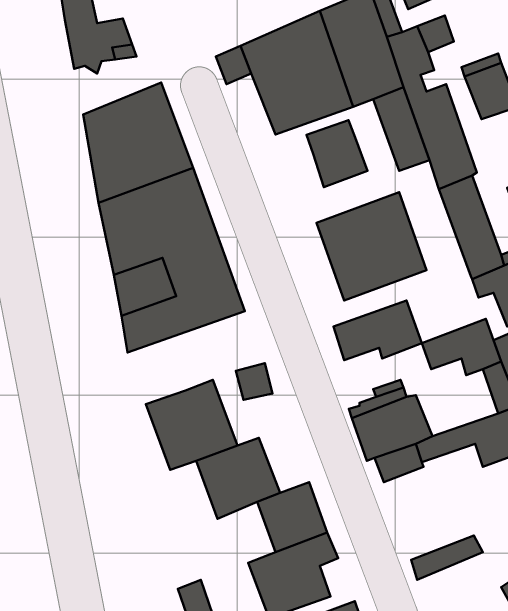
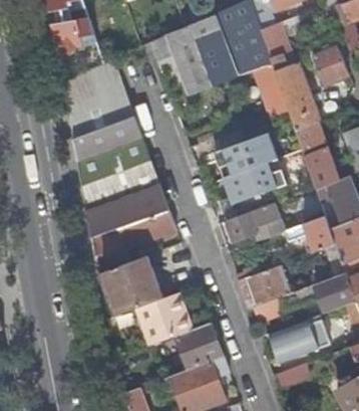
building: [307,120,368,187] -> none
building: none -> [90,210,175,273]
building: none -> [269,315,329,362]

